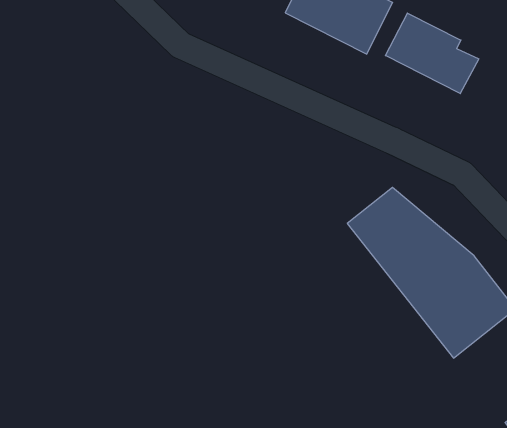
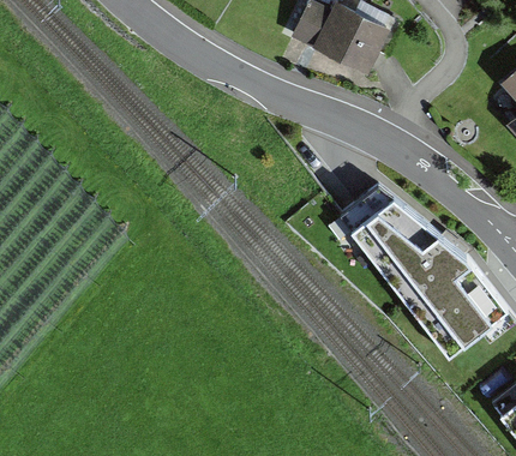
building: [385,13,479,94] -> none

